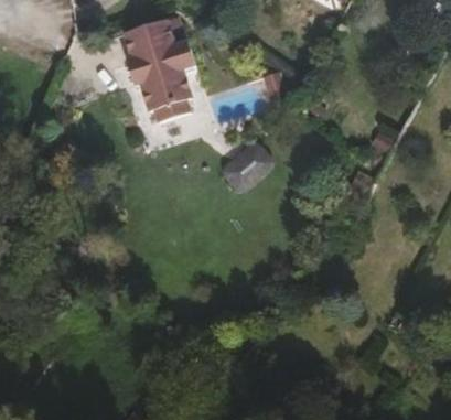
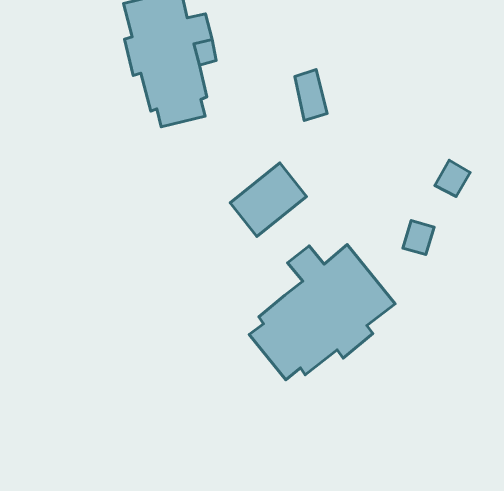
building: none -> [249,244,395,380]

